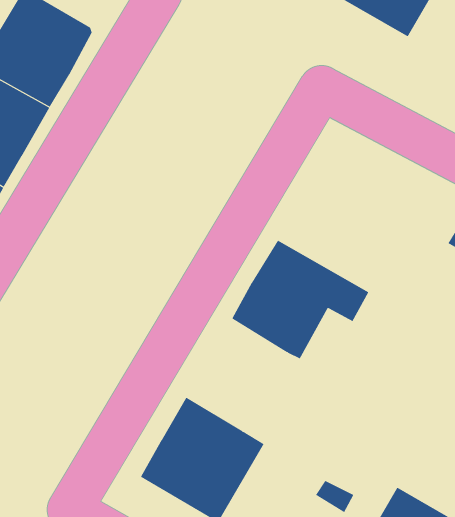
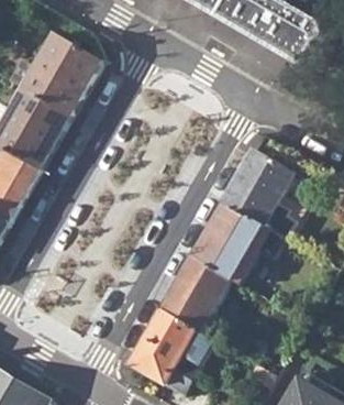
building: none -> [222,149,295,239]
building: none -> [160,256,229,332]

